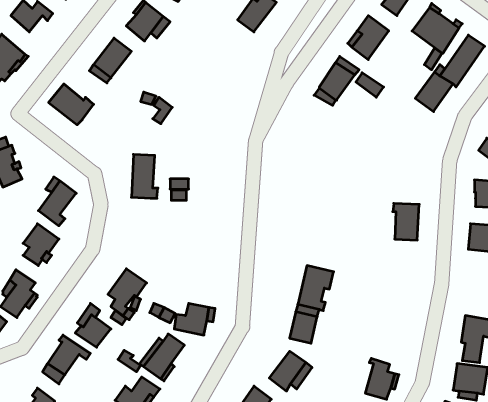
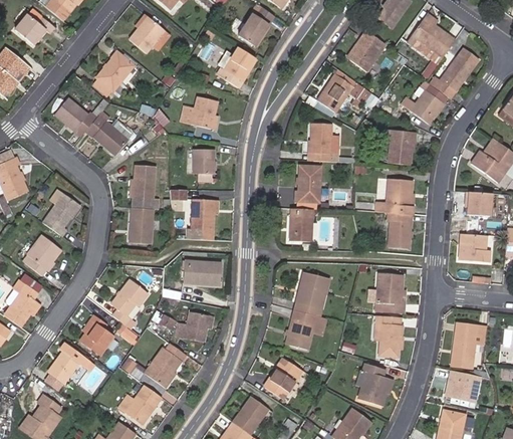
building: none -> [216,48,255,88]
building: none -> [191,96,217,128]
building: none -> [83,115,126,156]
building: none -> [310,124,341,164]
building: none -> [381,125,424,165]
building: none -> [191,150,213,182]
building: none -> [293,168,319,203]
building: none -> [387,181,416,216]
building: none -> [191,199,213,230]
building: none -> [129,208,151,244]
building: none -> [288,217,310,243]
building: none -> [181,262,219,285]
building: none -> [379,277,409,314]
building: none -> [382,318,406,360]

